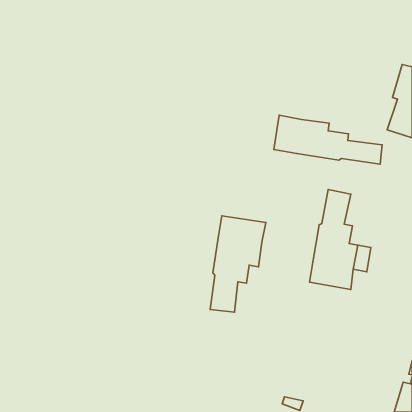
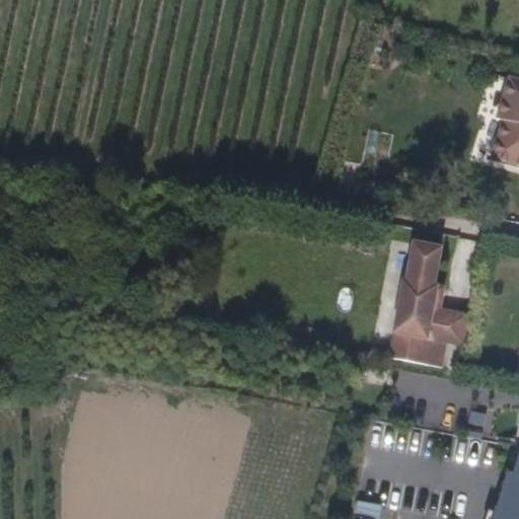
building: [274,115,382,164] -> none
building: [210,216,266,312] -> none

